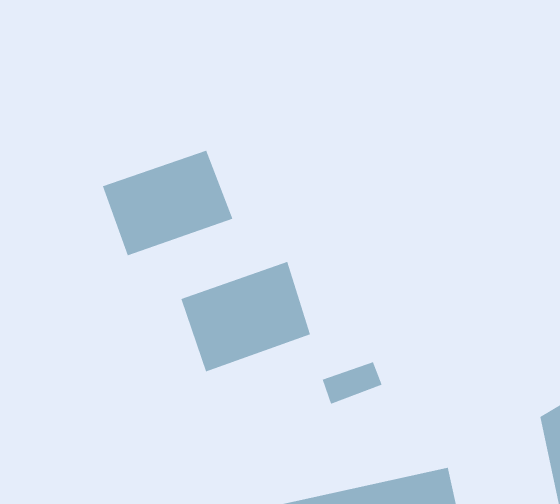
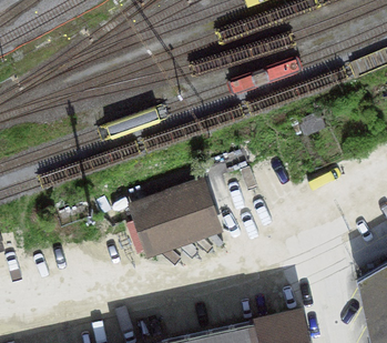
building: [102,150,233,256] -> none

